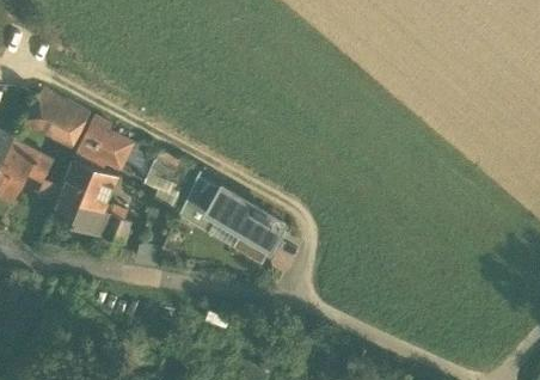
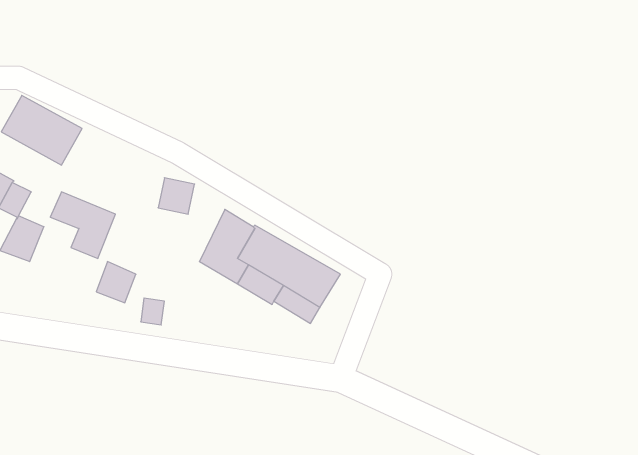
building: [73,117,133,173] -> none
building: [53,182,102,233] -> none

